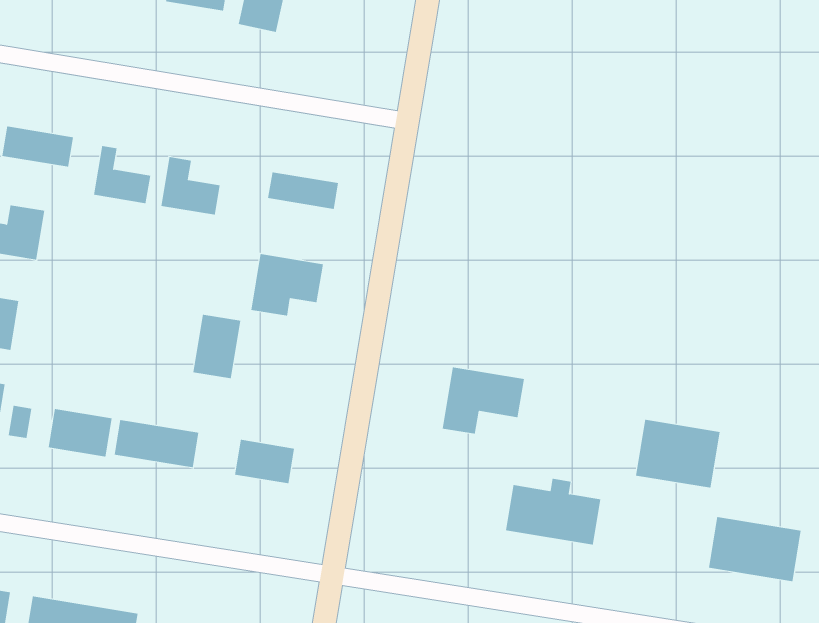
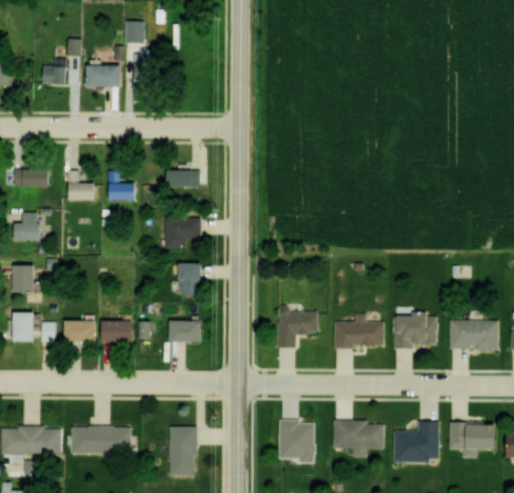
building: [193,314,241,379] -> [183,263,205,296]
building: [442,367,525,434] -> [270,311,311,346]
building: [635,419,721,488] -> [387,314,430,346]

